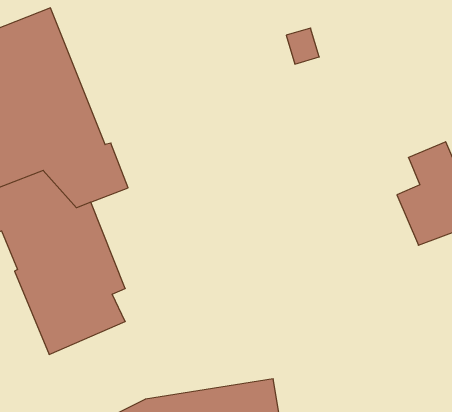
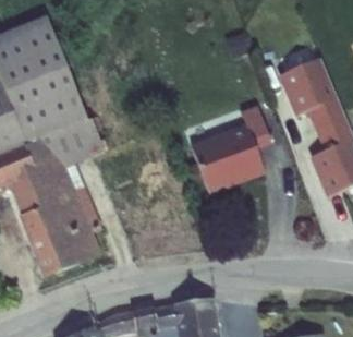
building: none -> [277,58,345,130]
building: none -> [191,106,270,191]

